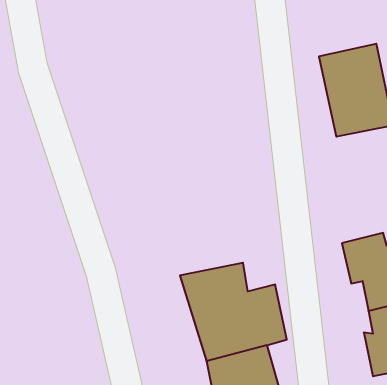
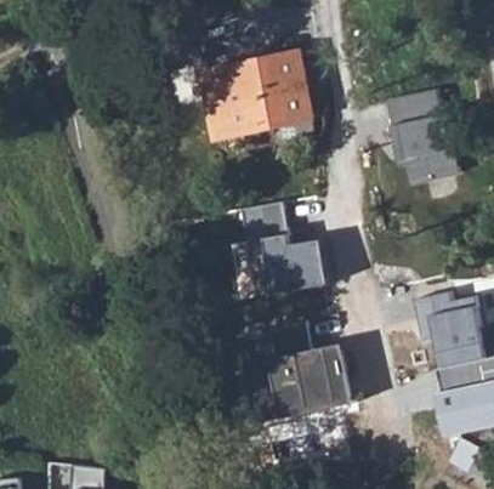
building: none -> [206,51,313,135]
building: none -> [238,204,328,302]

